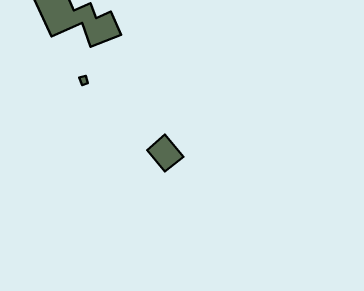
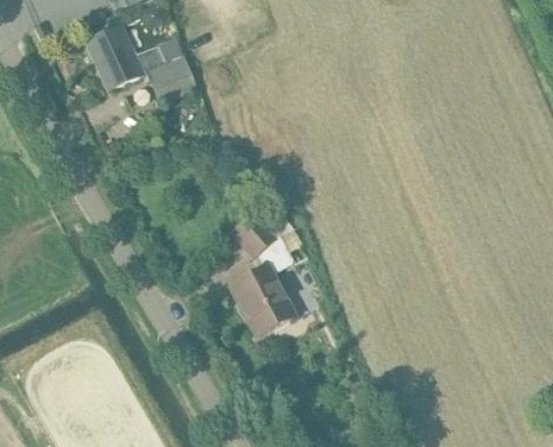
building: none -> [232,263,296,334]

